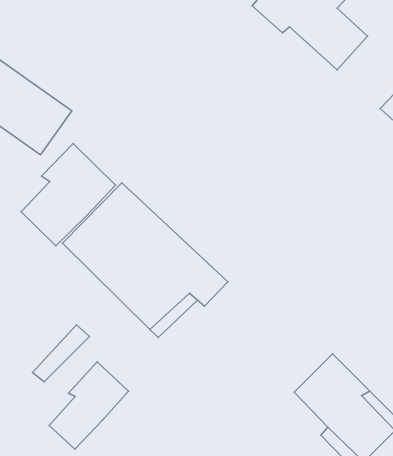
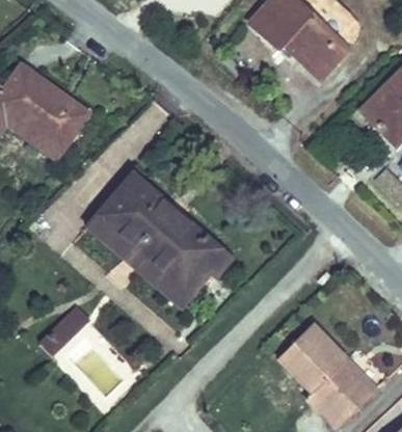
building: [21,144,116,246] -> none
building: [49,362,129,449] -> none

